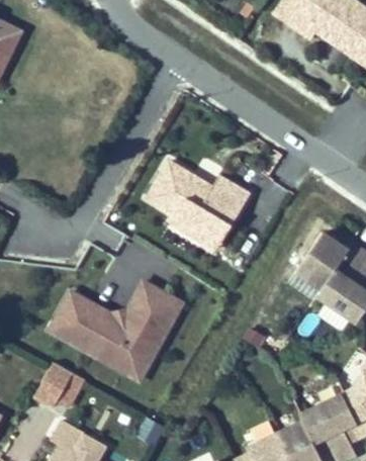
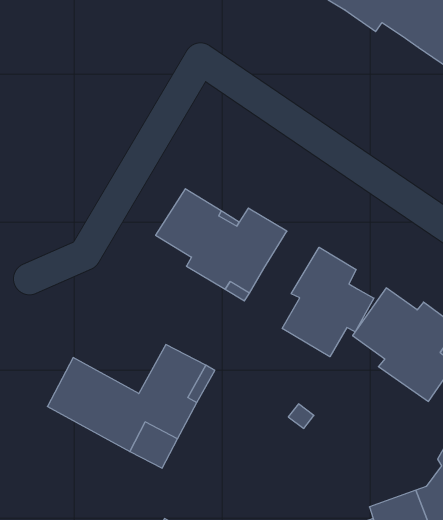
building: none -> [282,247,374,357]
building: [33,363,85,408] -> none

